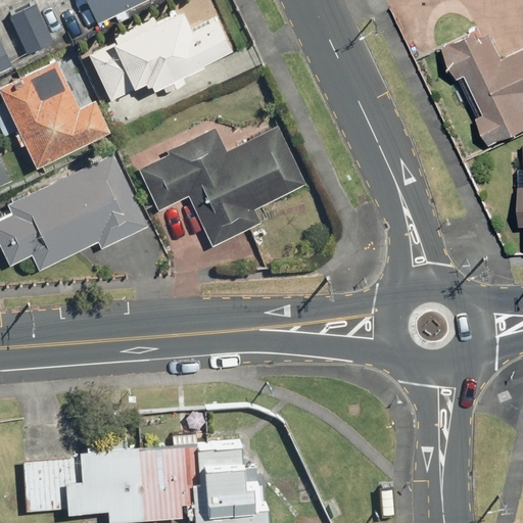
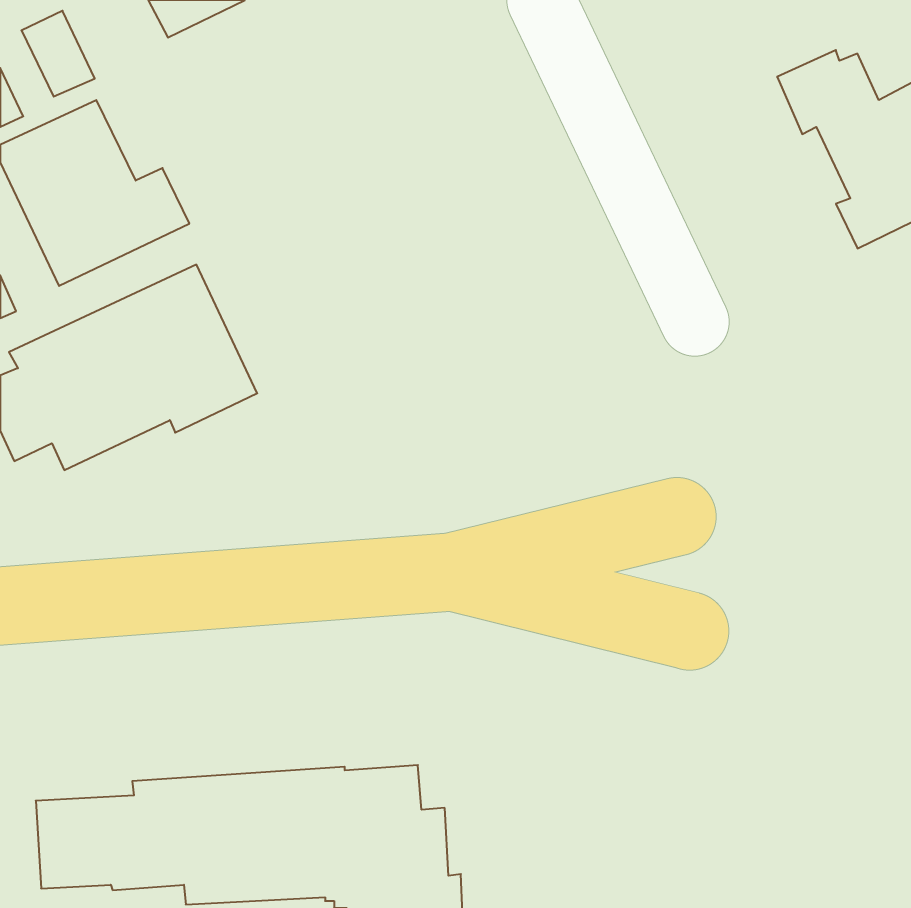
building: [88,8,231,101] -> none
building: [138,127,306,247] -> none

